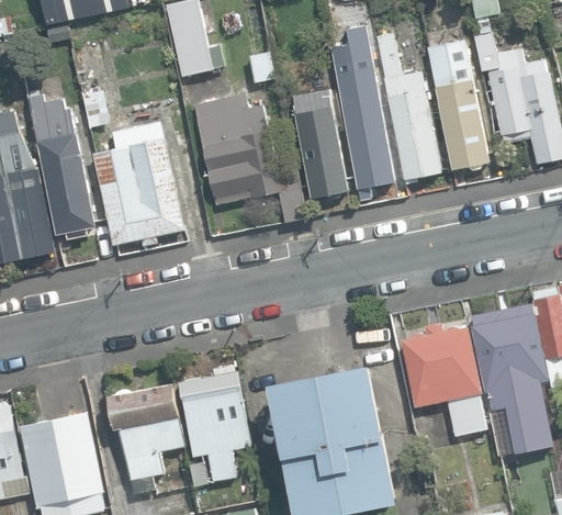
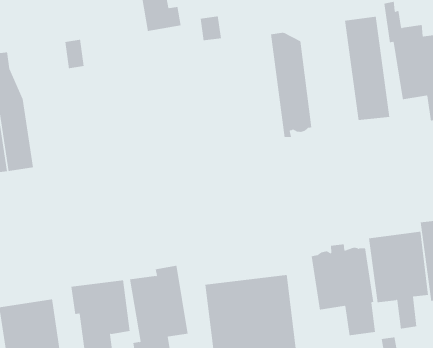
building: [375,33,441,183] -> none
building: [292,90,348,200] -> none
building: [29,93,95,239] -> none
building: [193,93,305,222] -> none
building: [92,119,184,248] -> none

